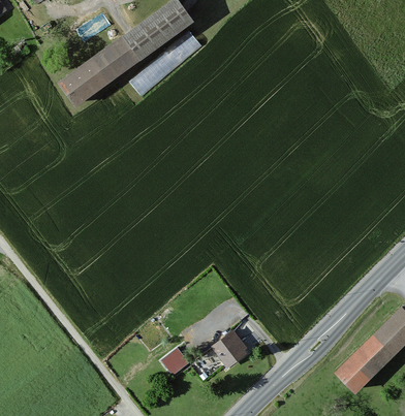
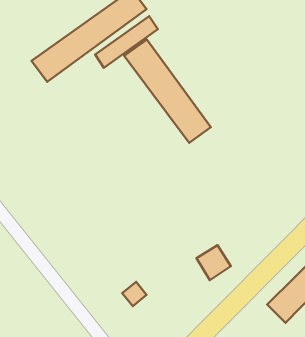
building: none -> [124,40,211,143]
building: [210,329,250,371] -> [197,245,231,280]

